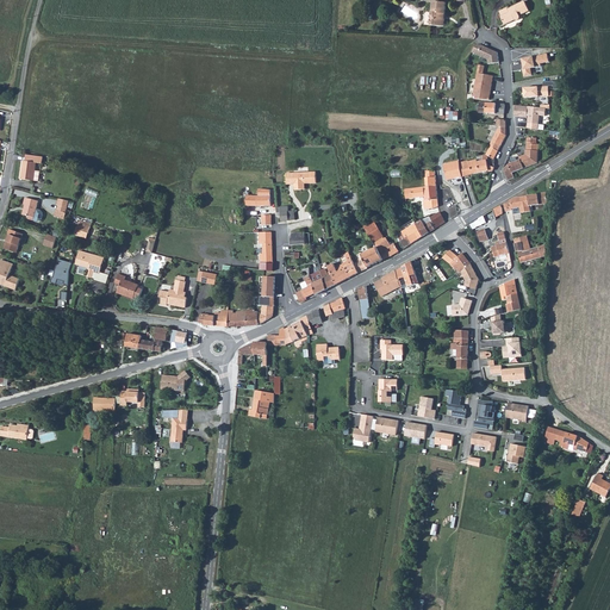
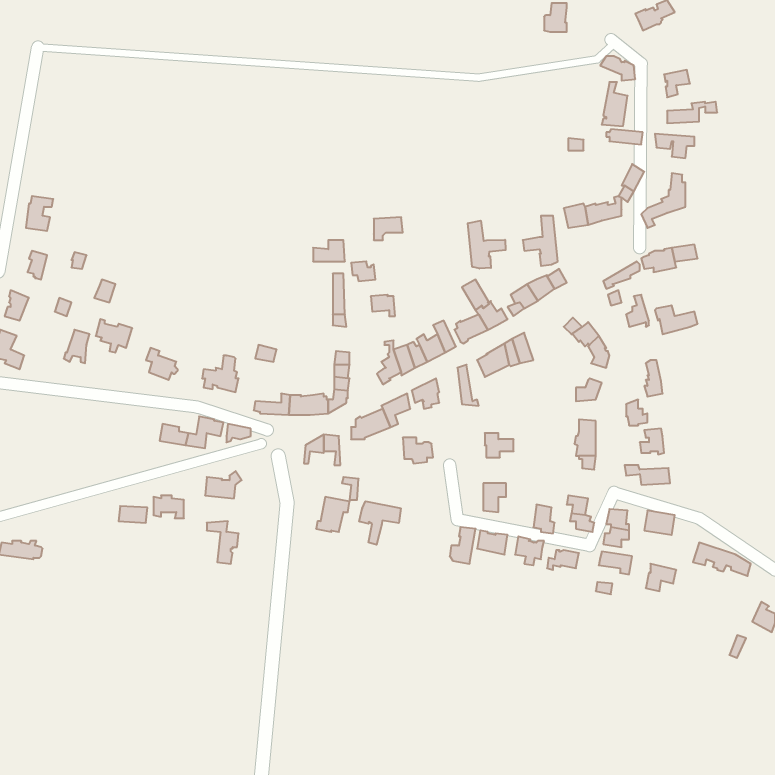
building: none -> [468,221,506,269]
building: none -> [359,501,401,545]

